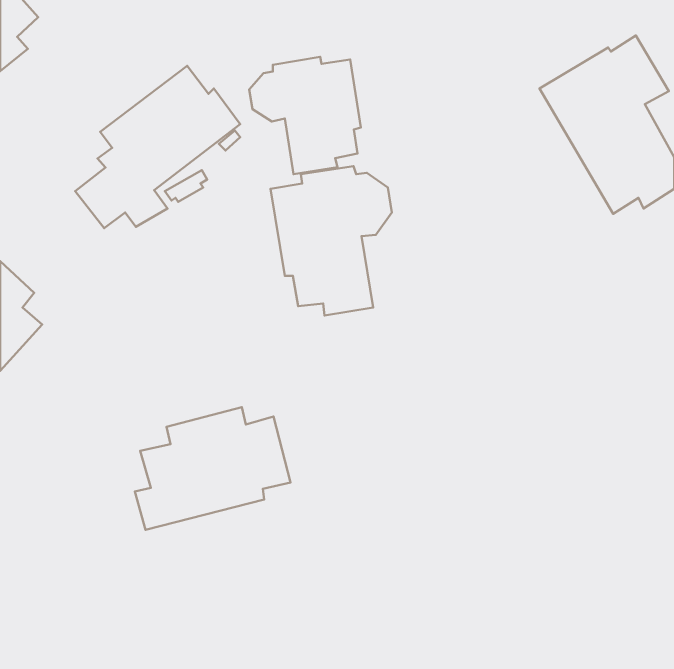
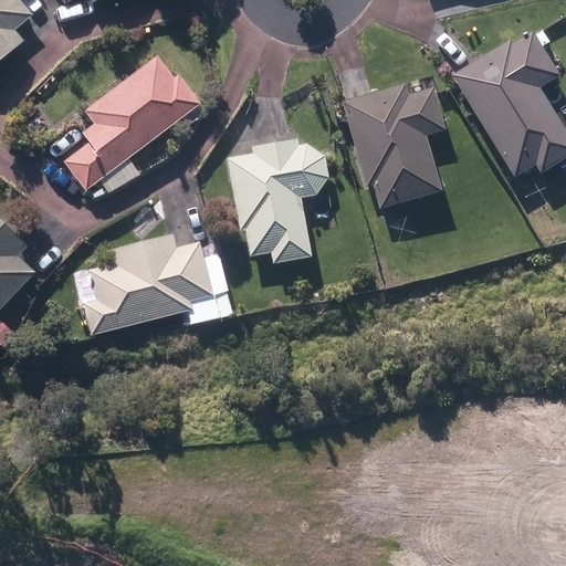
building: [249,57,361,174] -> none
building: none -> [342,82,446,209]
building: [135,407,291,530] -> [84,233,214,336]

